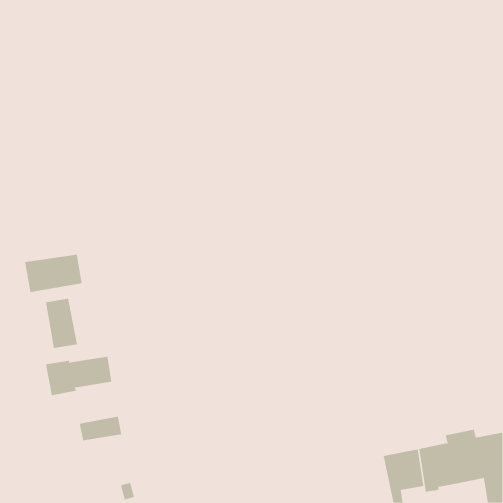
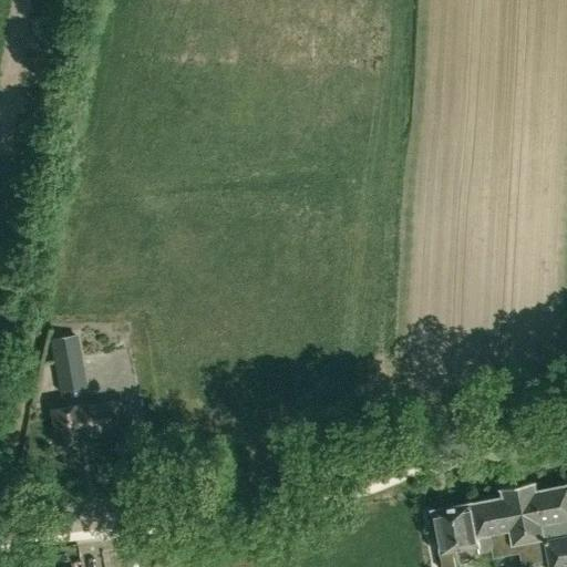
building: [25,254,82,293] -> none
building: [79,416,122,441] -> none

